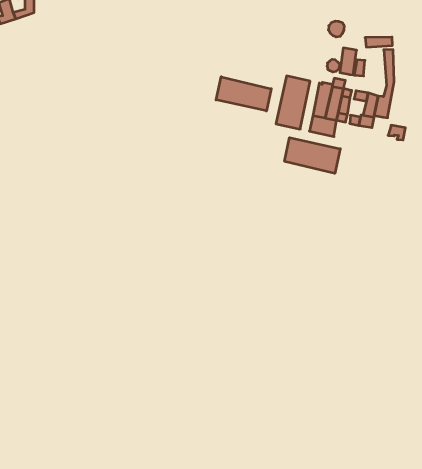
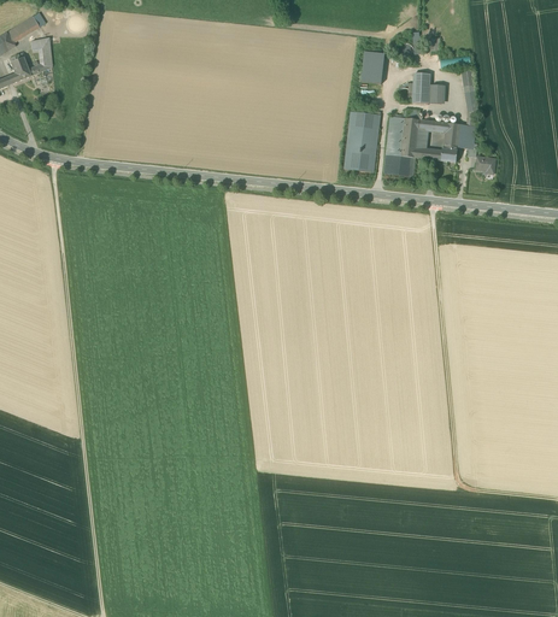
building: none -> [360,52,383,84]
building: [216,77,271,111] -> none
building: [285,138,340,173] -> none

